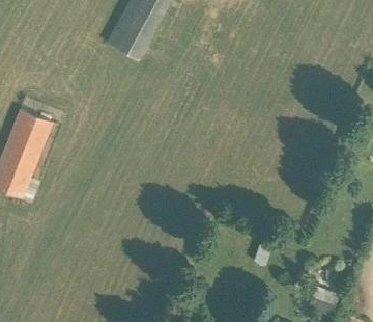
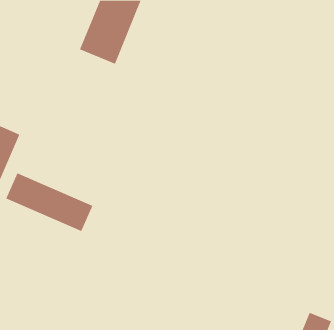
building: none -> [6,172,93,232]

